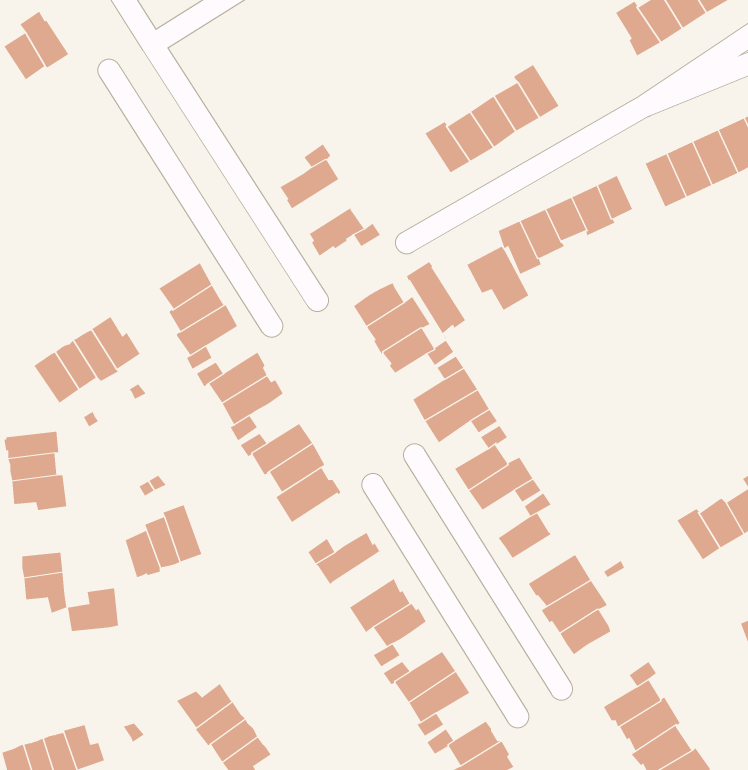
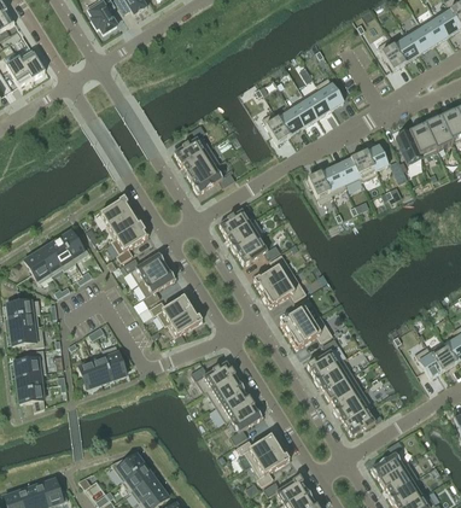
building: none -> [181,146,220,180]
building: [467,246,529,311] -> none
building: [406,261,466,340] -> none
building: [275,467,341,523] -> [206,373,246,407]
building: none -> [314,358,354,392]
building: [67,588,119,631] -> [14,349,46,375]

